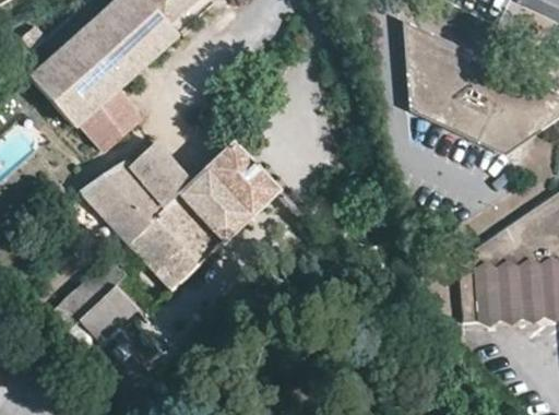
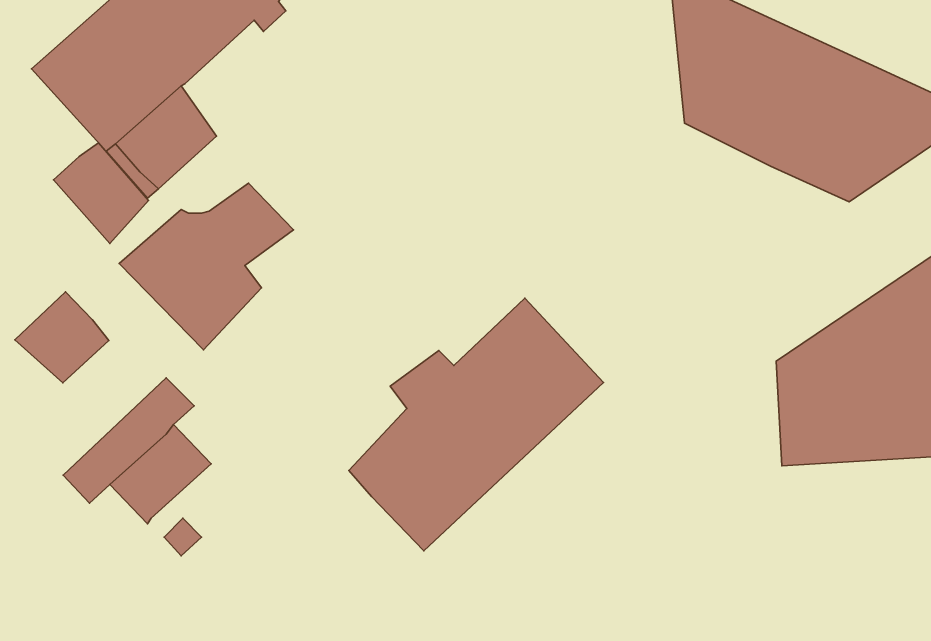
building: none -> [53,143,148,244]
building: [132,142,281,289] -> [349,298,603,551]
building: none -> [15,292,109,383]

